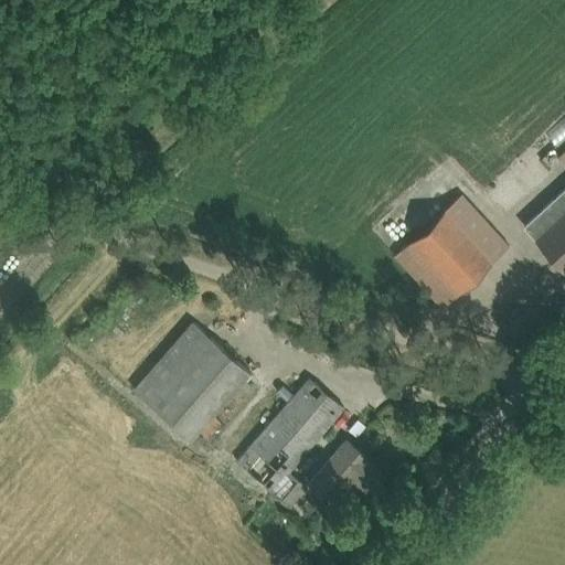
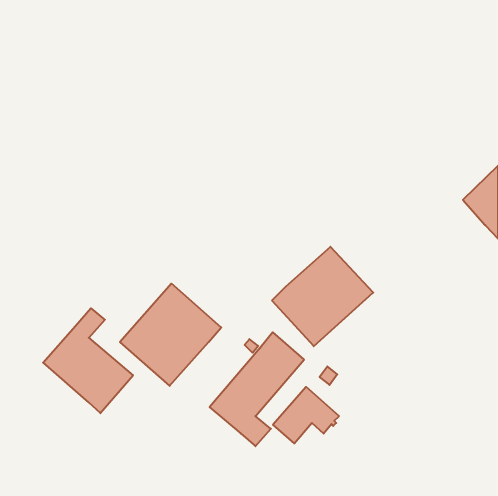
building: [395,196,510,309] -> [272,247,373,346]
building: none -> [43,308,133,413]

